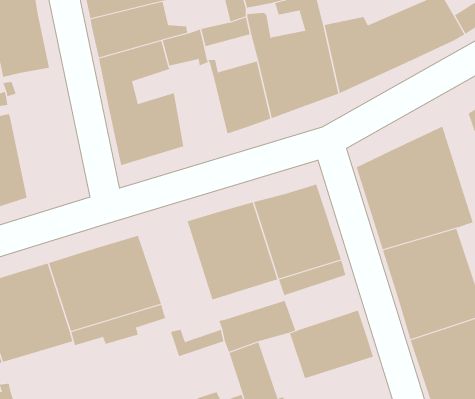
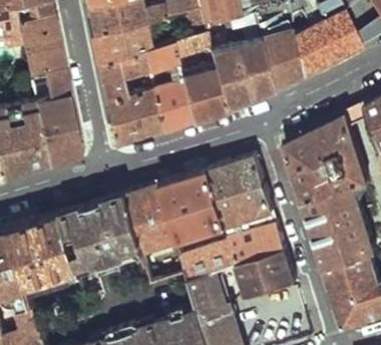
building: none -> [35,73,81,167]
building: none -> [152,80,192,130]
building: none -> [127,185,180,252]
building: none -> [233,224,287,264]

